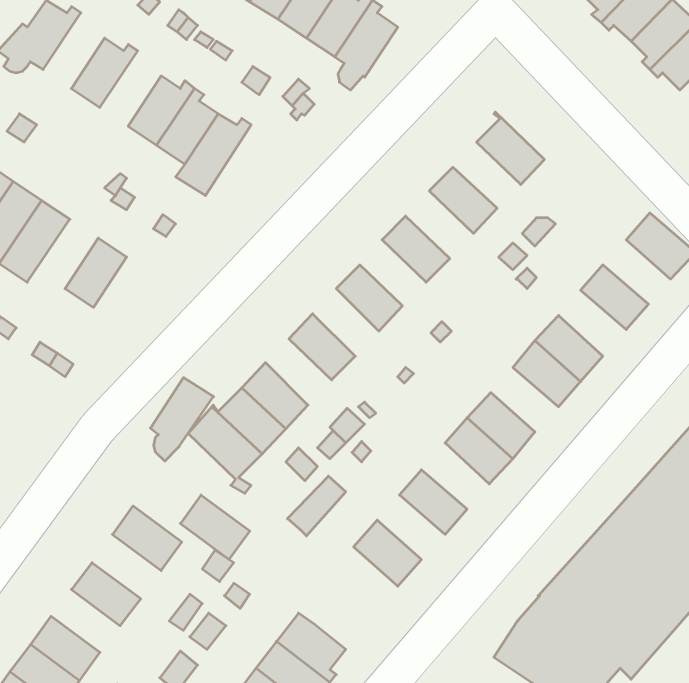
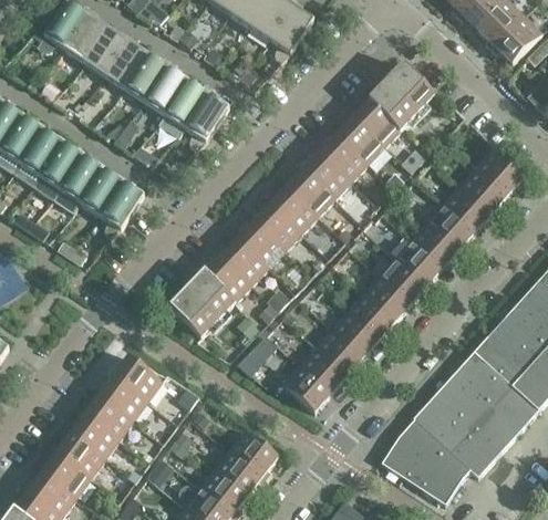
building: none -> [65,10,108,63]
building: none -> [105,37,148,90]
building: none -> [383,62,435,113]
building: none -> [185,89,229,153]
building: none -> [353,101,401,147]
building: none -> [320,135,368,183]
building: none -> [54,155,104,212]
building: none -> [288,169,334,216]
building: none -> [458,169,506,215]
building: none -> [255,204,301,251]
building: none -> [427,205,475,251]
building: none -> [221,239,268,285]
building: none -> [380,259,427,304]
building: [150,378,214,461] -> [101,181,145,240]
building: none -> [331,312,379,358]
building: none -> [300,349,348,394]
building: [180,495,250,560] -> [100,376,148,422]
building: none -> [71,415,120,459]

